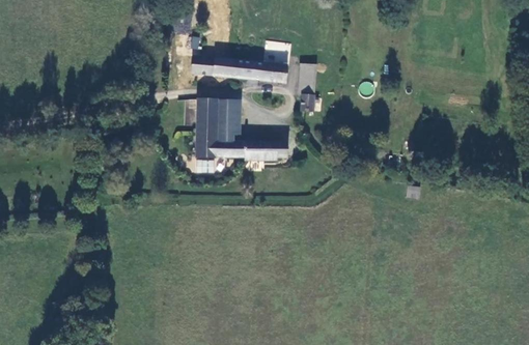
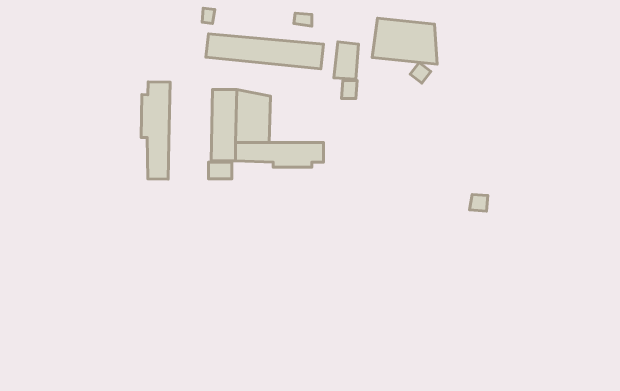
building: none -> [372,18,437,64]
building: none -> [141,82,170,179]

